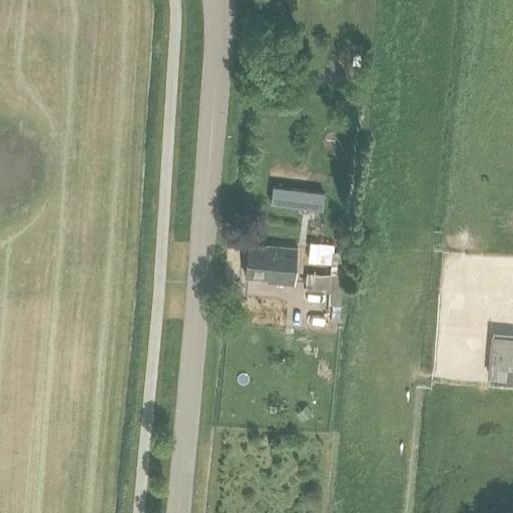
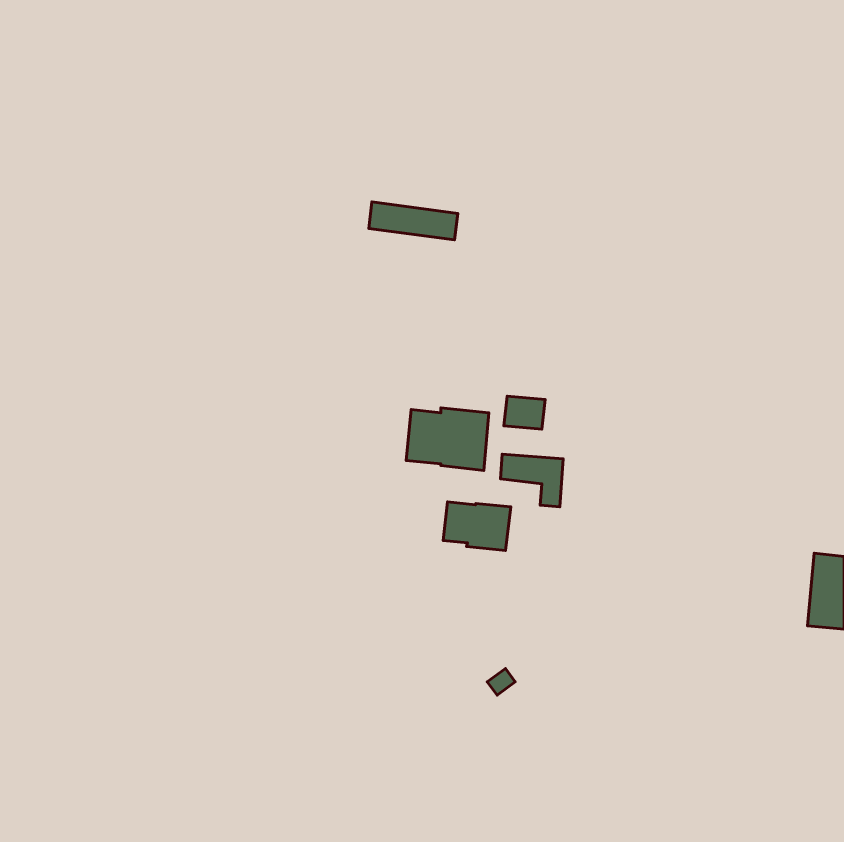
building: [270,187,324,210] -> [369,202,458,240]
building: none -> [443,502,511,550]

